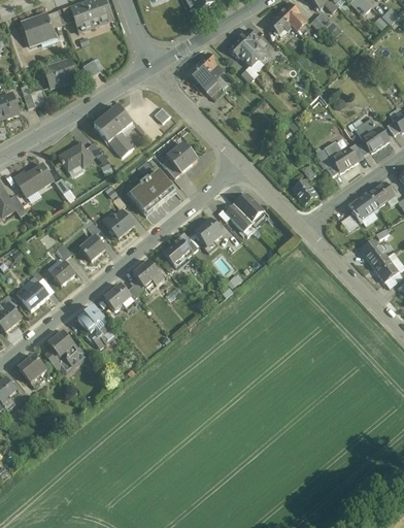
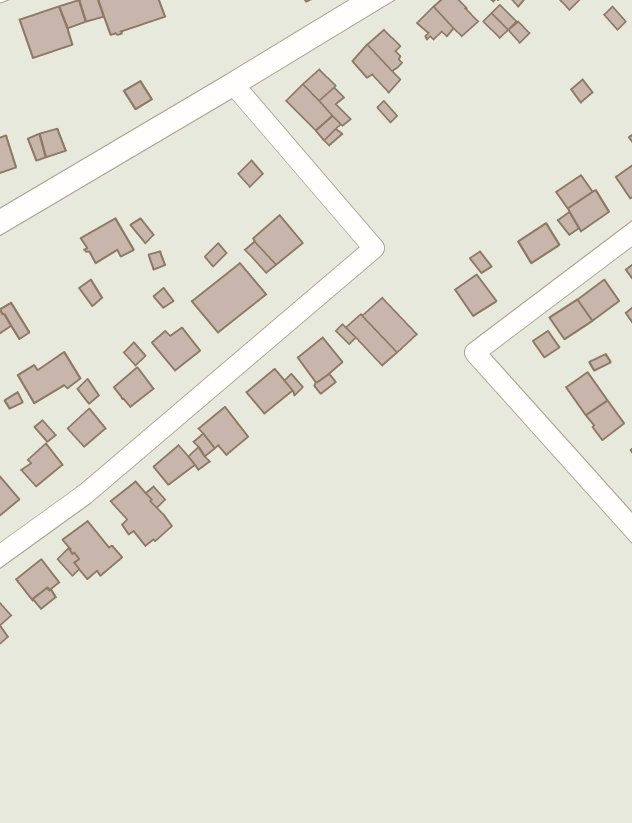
building: [43,55,75,82] -> none
building: [94,103,133,157] -> none
building: [18,165,57,197] -> [18,352,81,403]

